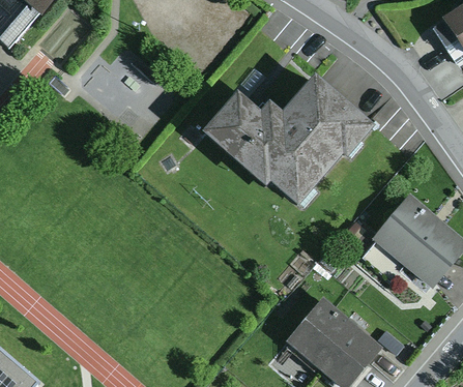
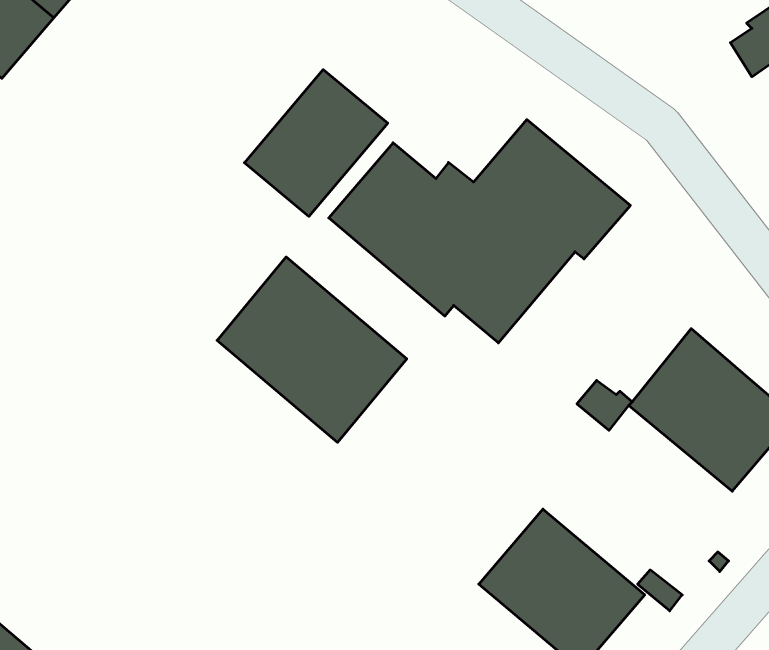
building: none -> [244,70,388,216]
building: none -> [217,257,407,442]

